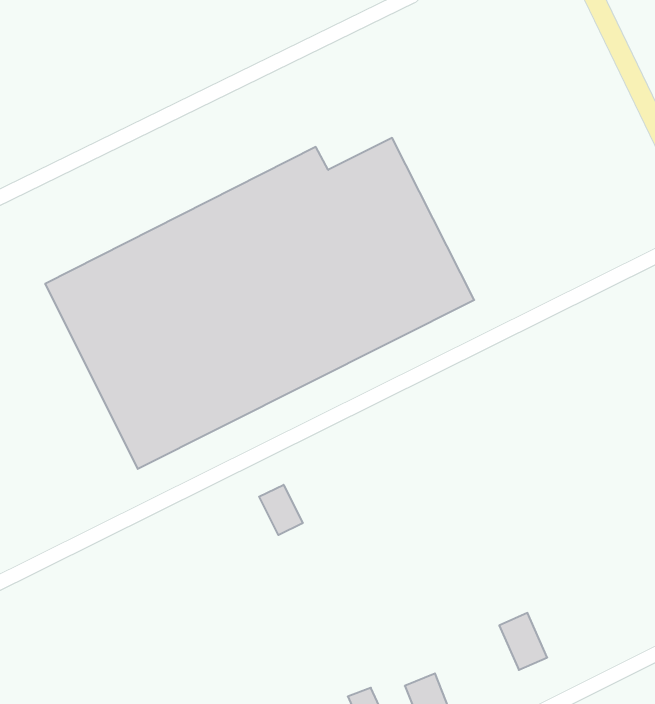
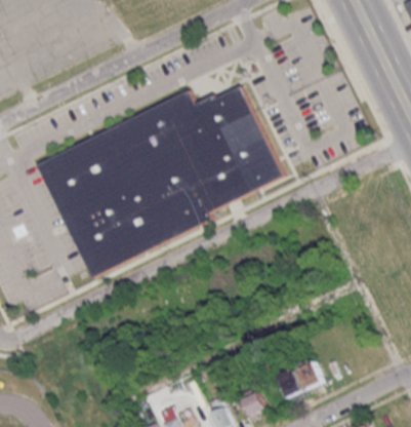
building: [259,485,303,535] -> none
building: none -> [278,366,307,401]

